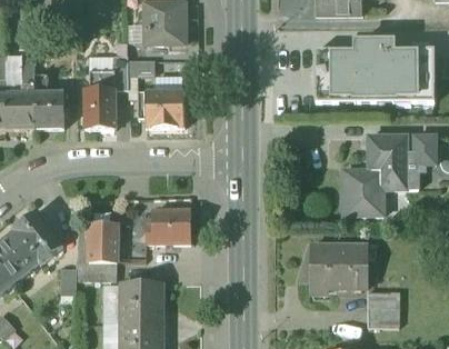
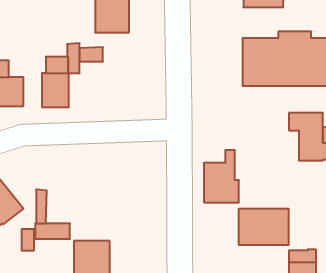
building: [143,90,184,127] -> none
building: [343,154,383,215] -> [204,150,239,202]
building: [146,209,191,243] -> none
building: [89,223,117,261] -> none

